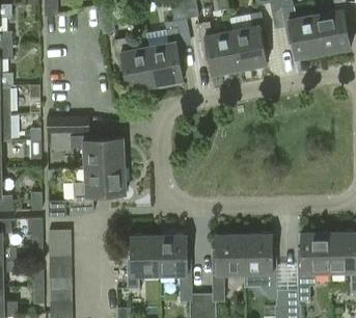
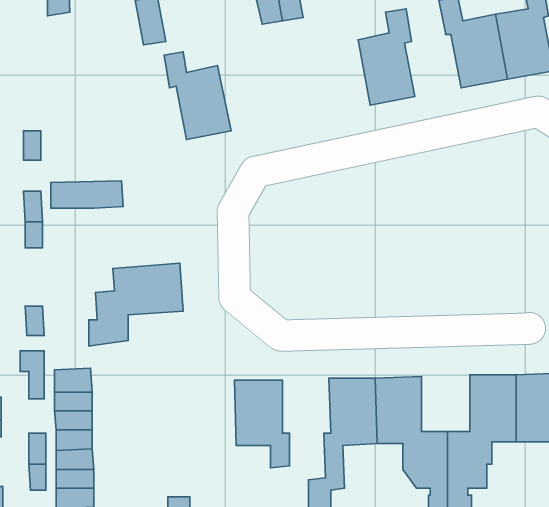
building: [197,23,239,77] -> none
building: [146,27,182,86] -> none
building: [70,137,124,169] -> none
building: [126,237,158,290] -> none

